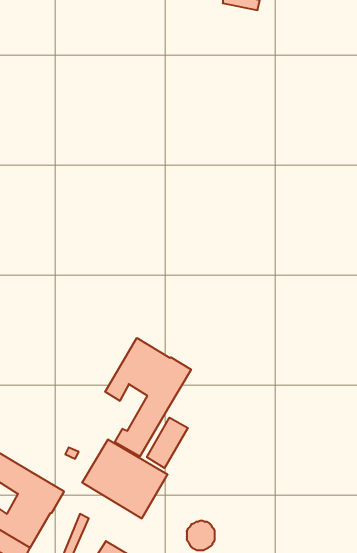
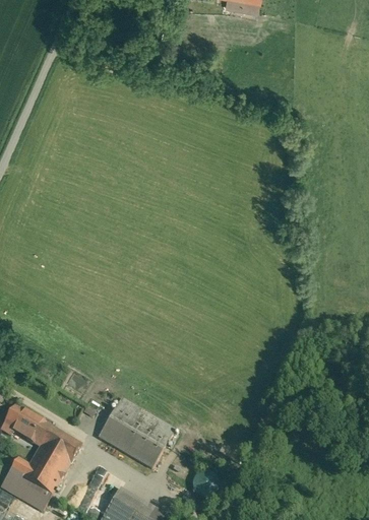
building: [105,338,191,456] -> none
building: [147,418,188,468] -> none

